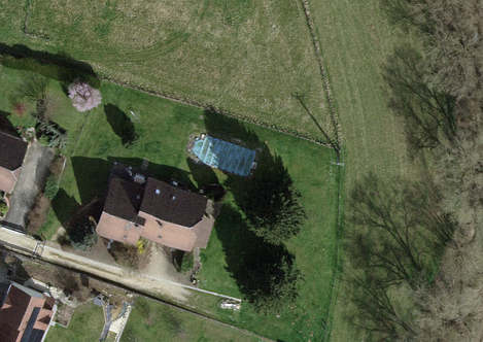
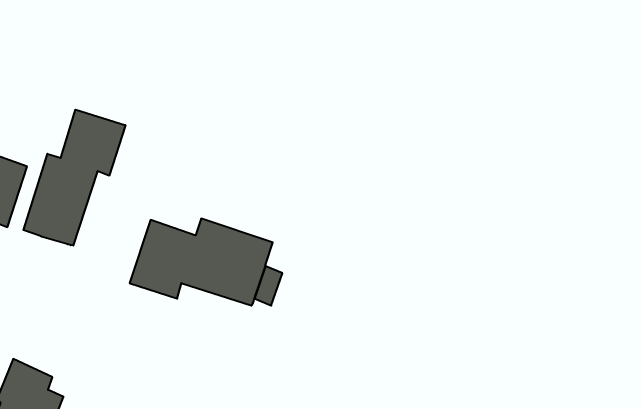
building: none -> [23,110,125,246]

